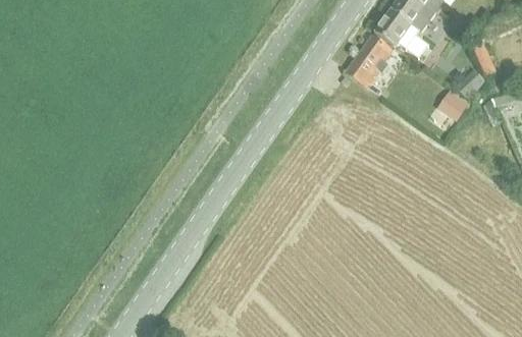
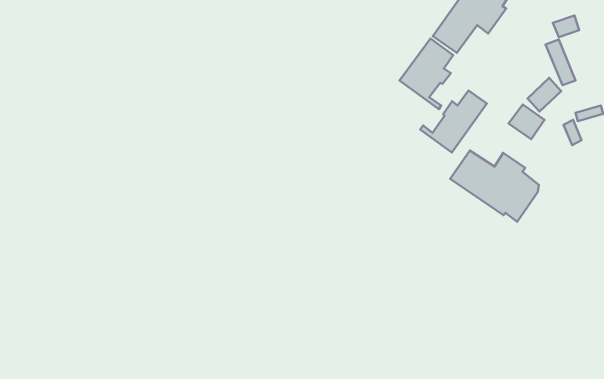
building: none -> [420,90,487,153]
building: none -> [450,151,539,222]

